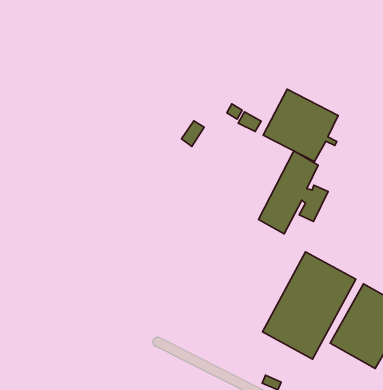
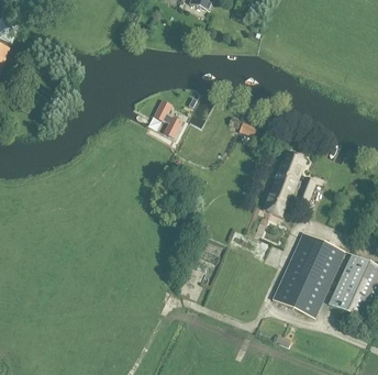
building: none -> [154,98,182,136]
building: [263,89,338,162] -> none

